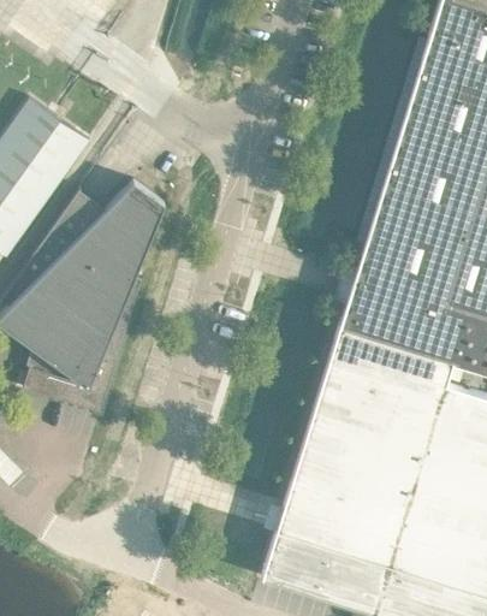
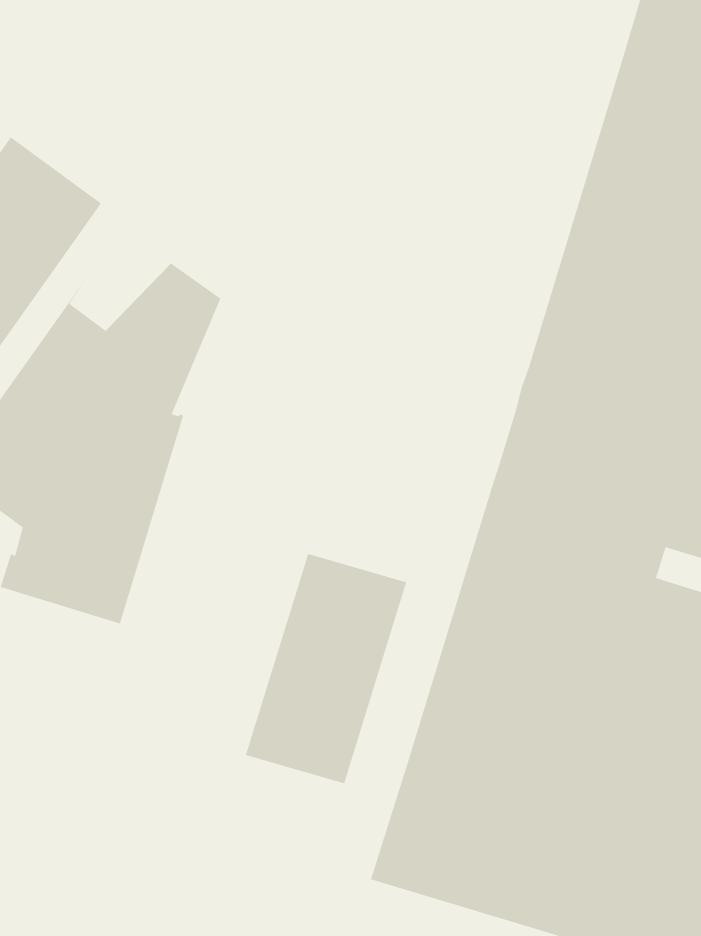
building: none -> [245,553,407,784]

